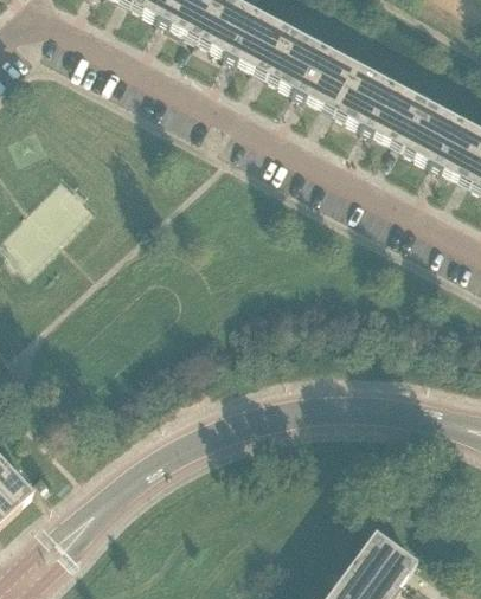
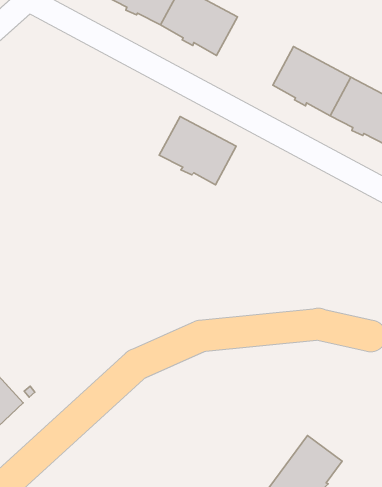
building: [263,26,355,108] -> [159,117,236,185]

